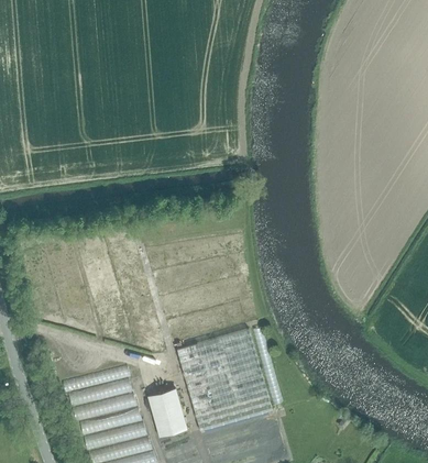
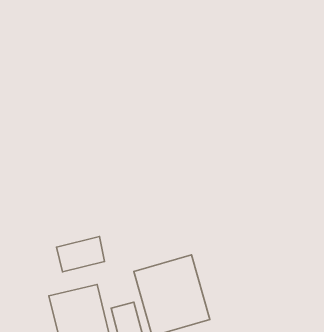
building: none -> [56,237,104,272]

